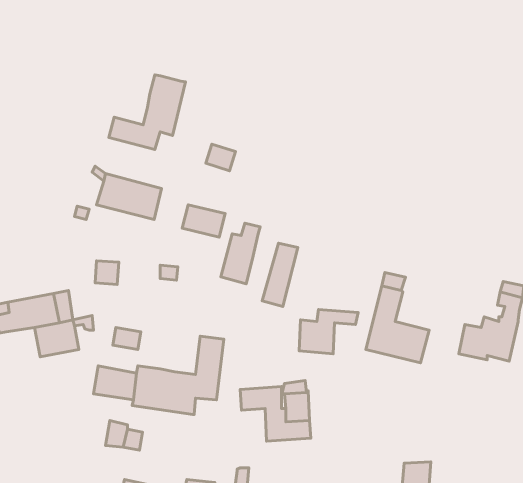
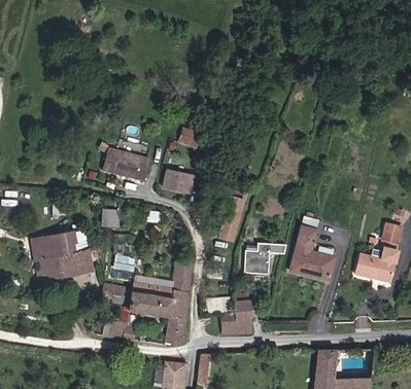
building: [109,75,185,149] -> none
building: [221,223,260,284] -> none
building: none -> [40,255,64,279]
building: none -> [166,305,186,344]

